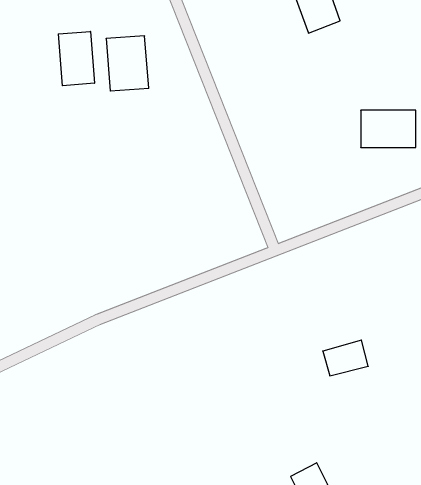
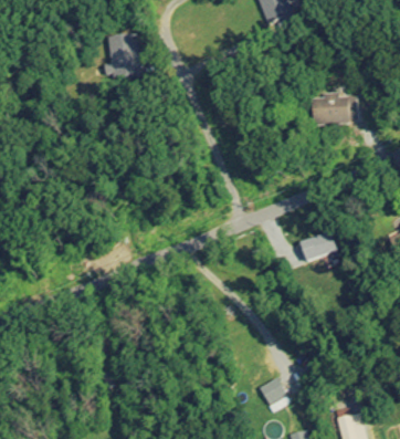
building: [58,31,94,86] -> none
building: [323,340,368,376] -> [301,232,337,261]

